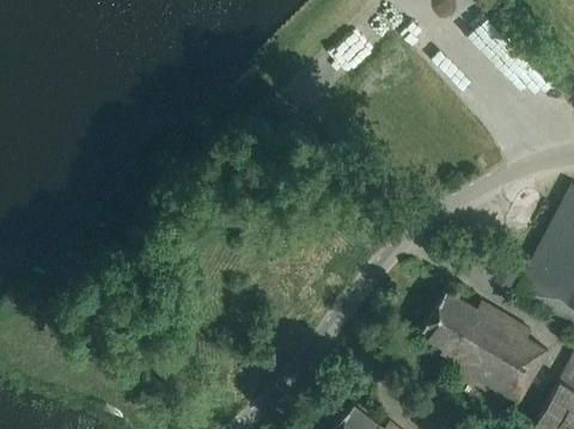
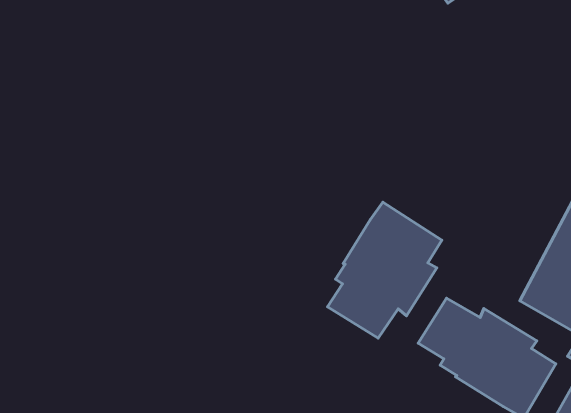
building: none -> [328,202,442,338]

